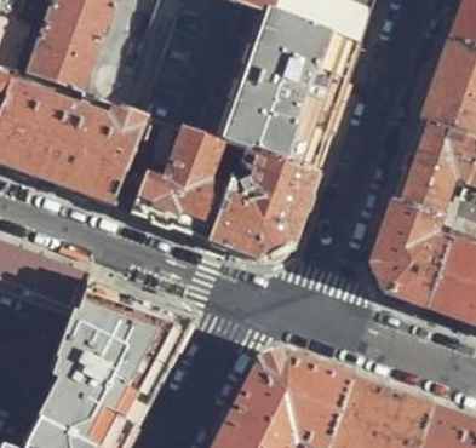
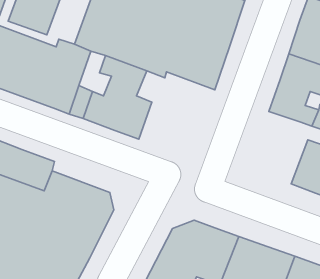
building: [211,145,317,258] -> none
building: [372,201,448,303] -> none

